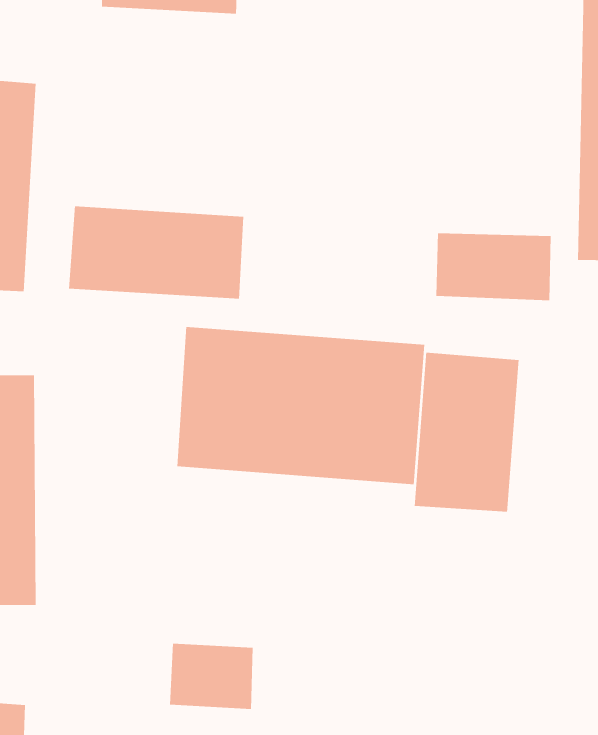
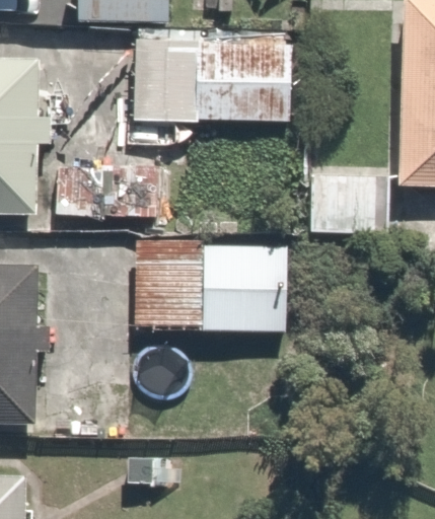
building: none -> [133,28,295,151]
building: [414,352,519,513] -> none

